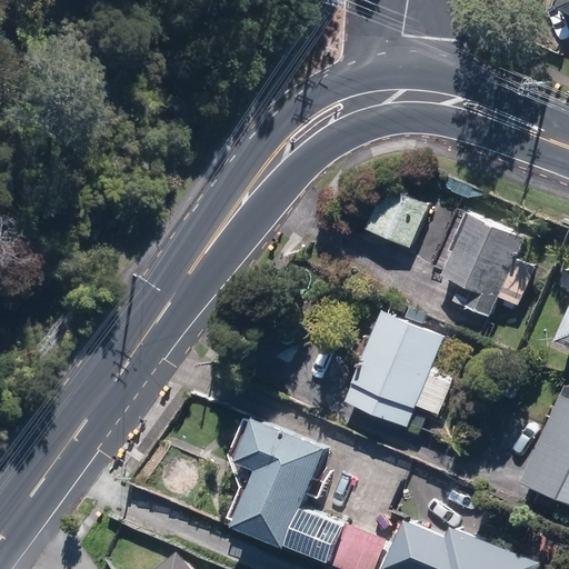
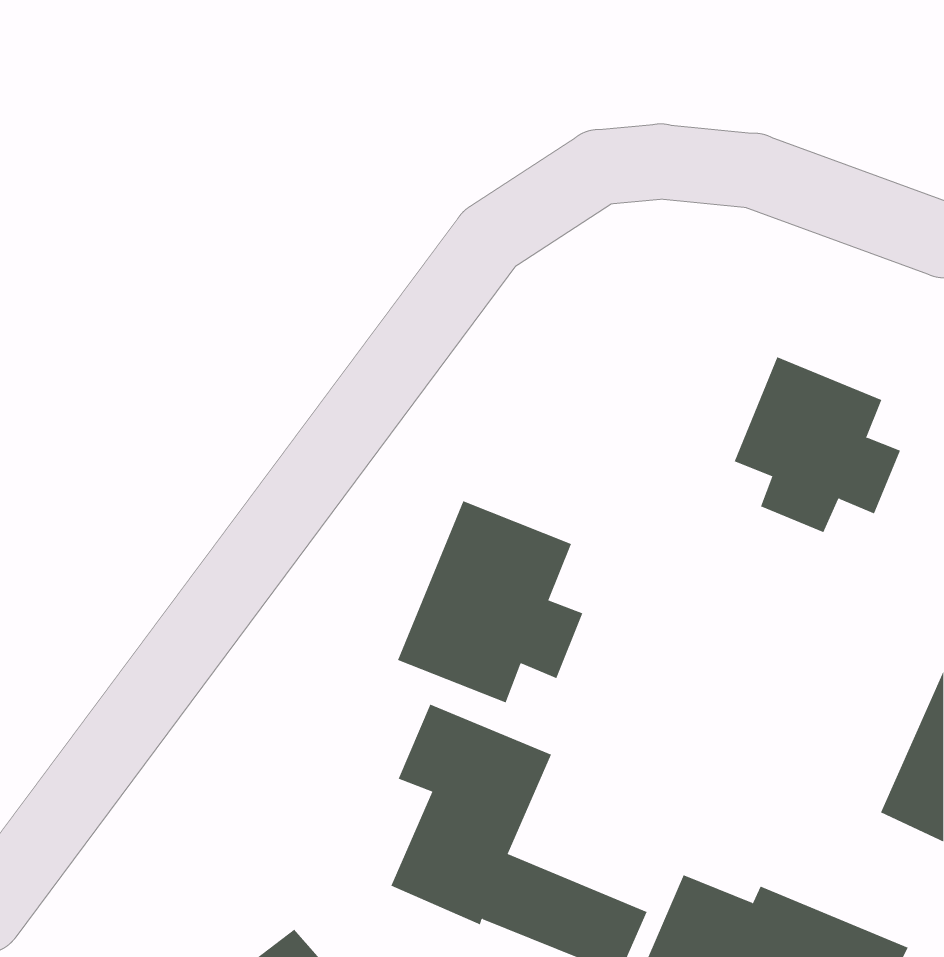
building: [361,186,426,250] -> none
building: [340,310,450,430] -> [397,501,583,703]

